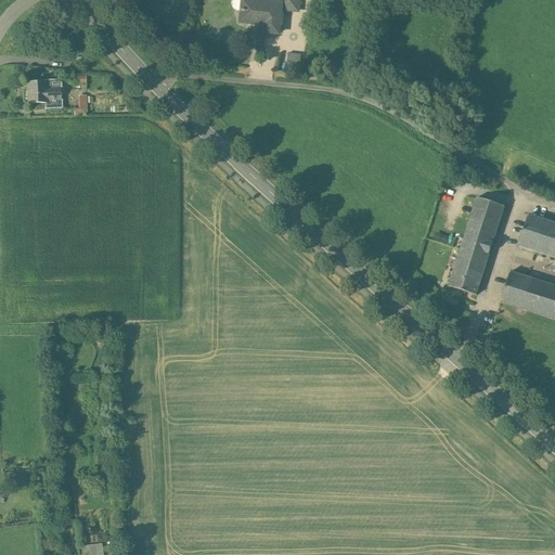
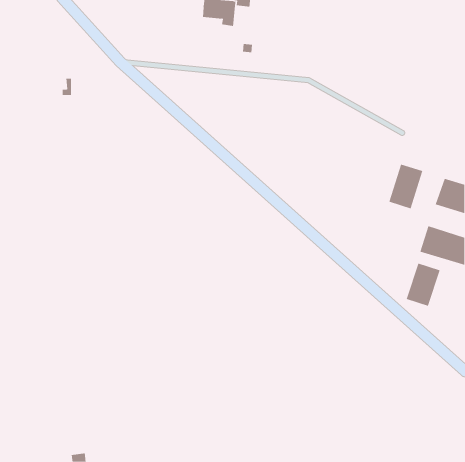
building: [27,77,62,106] -> none
building: [449,241,490,293] -> [406,263,440,306]

